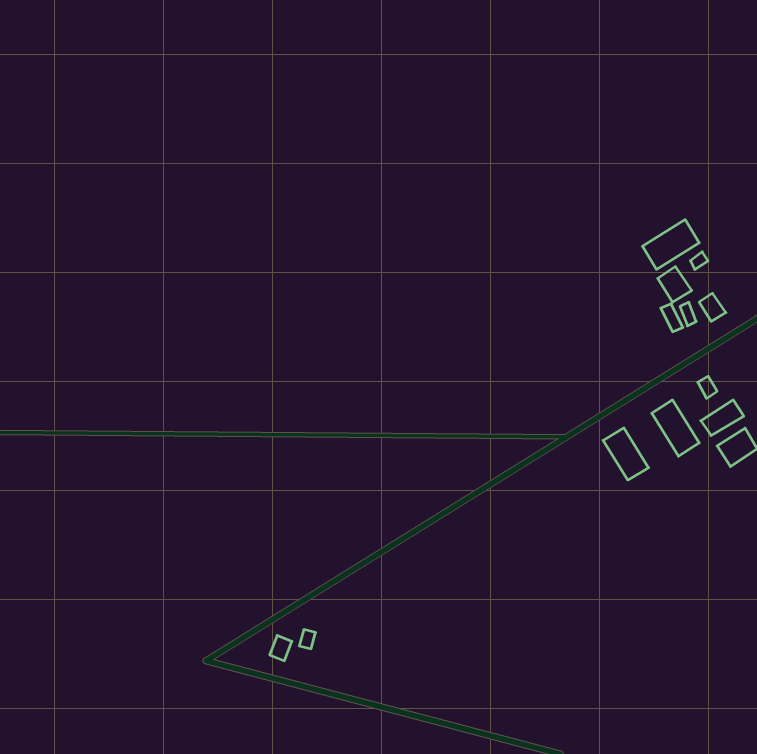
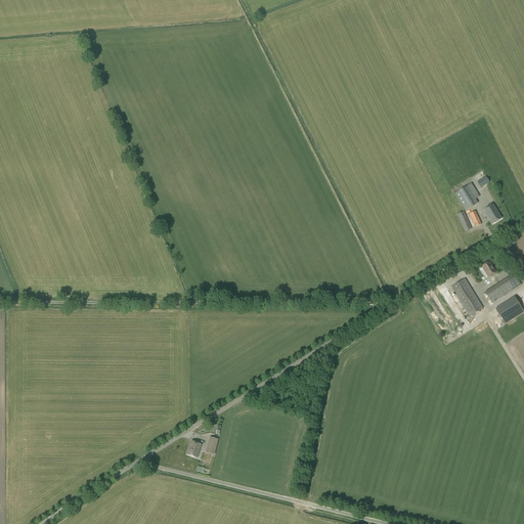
building: [642,220,699,269] -> none
building: [603,428,649,480] -> none

